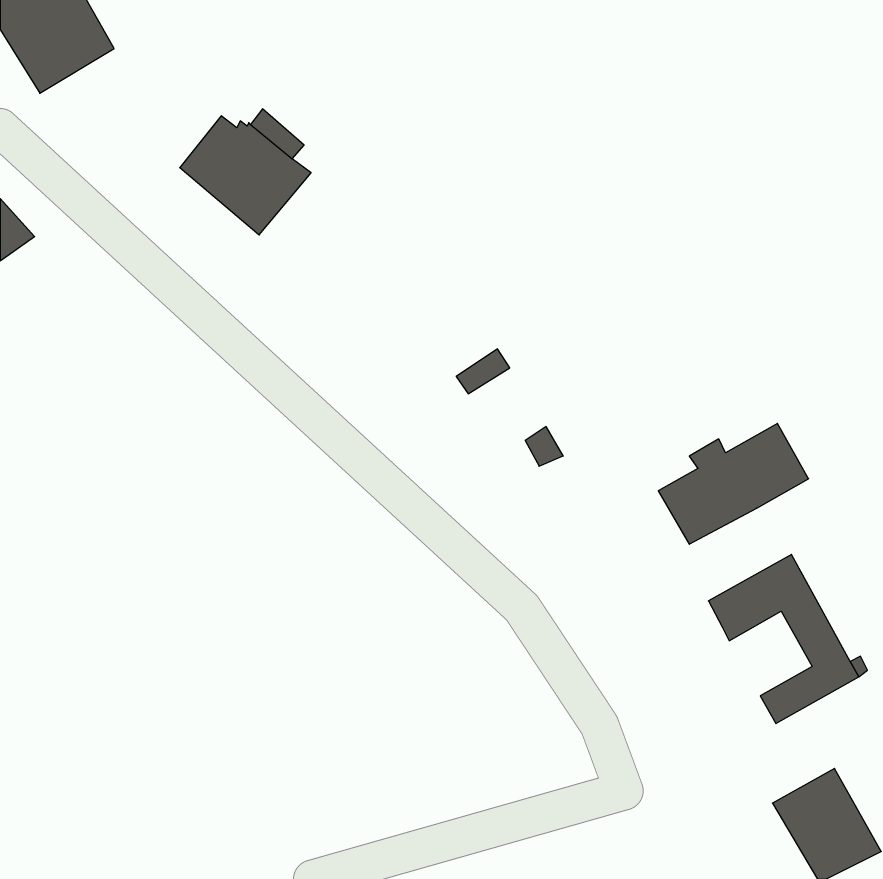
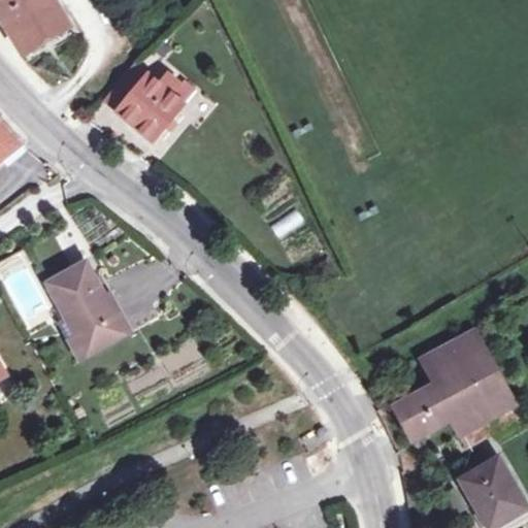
building: [658,423,809,544] -> [395,365,485,437]
building: none -> [48,265,130,358]

